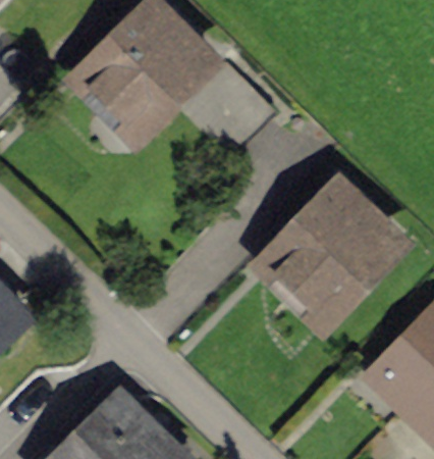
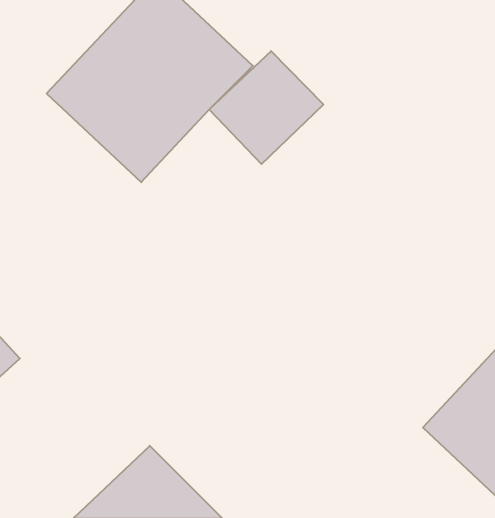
building: [246,176,410,342] -> none

